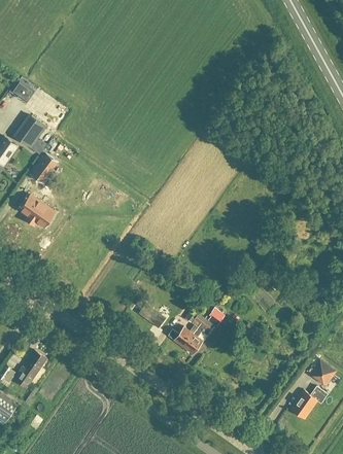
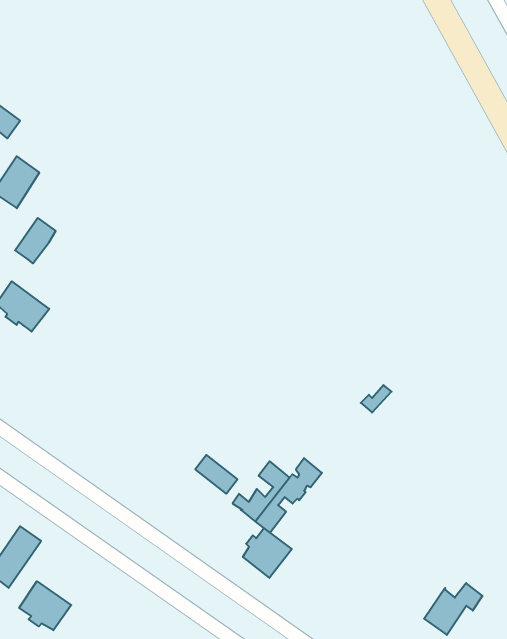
building: none -> [243,528,292,578]
building: [308,357,337,385] -> none
building: none -> [19,581,71,630]

